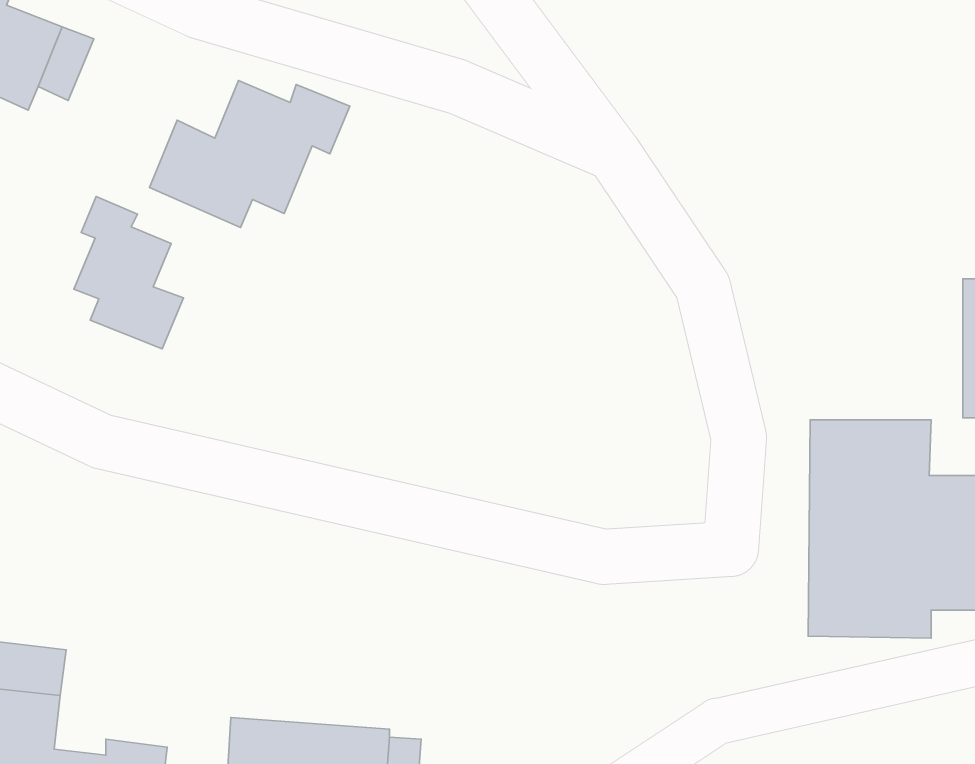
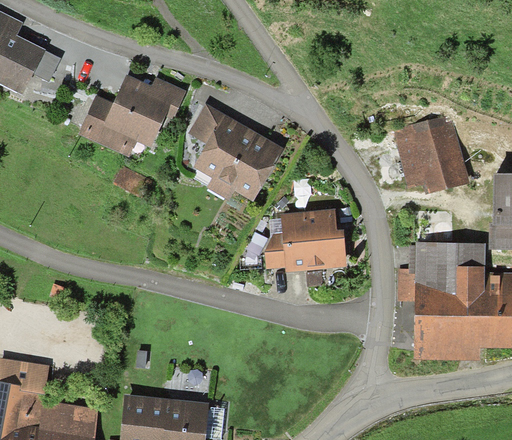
building: none -> [188,107,278,200]
building: none -> [397,116,463,192]
building: [74,197,183,349] -> none
building: none -> [271,212,341,270]

